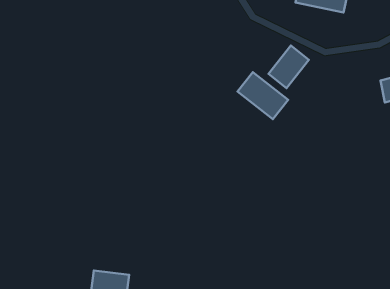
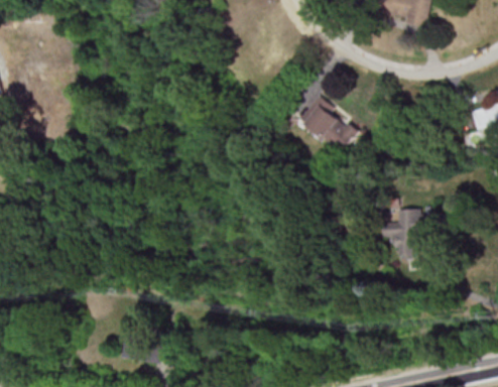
building: [268,46,309,88] -> none
building: none -> [383,210,431,260]

